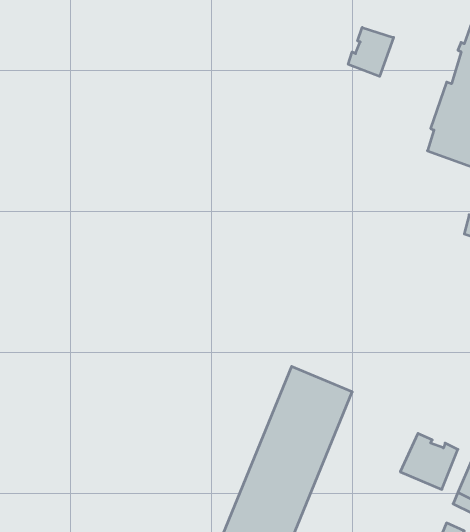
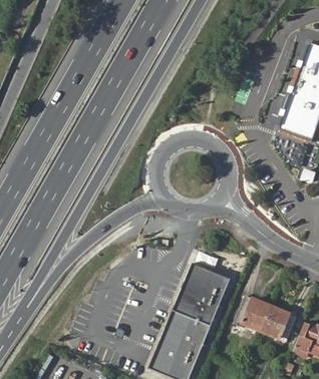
building: [348,27,394,76] -> none
building: none -> [238,295,273,330]

